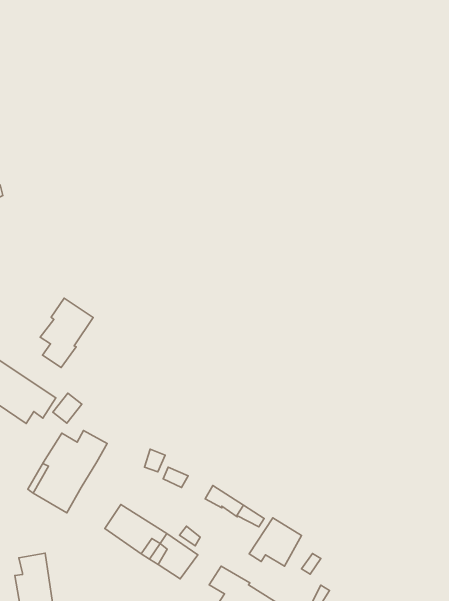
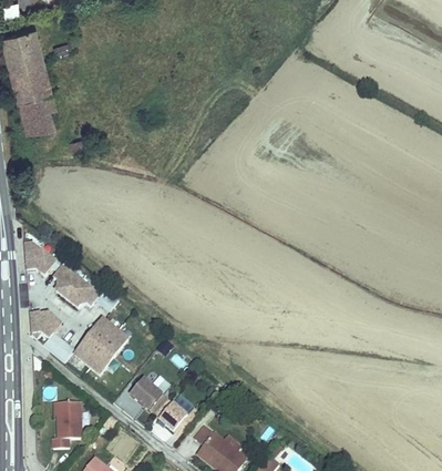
building: [40,298,93,367] -> none
building: [249,518,301,566] -> none

